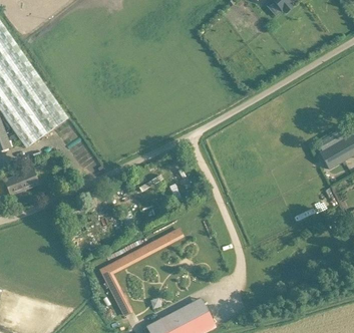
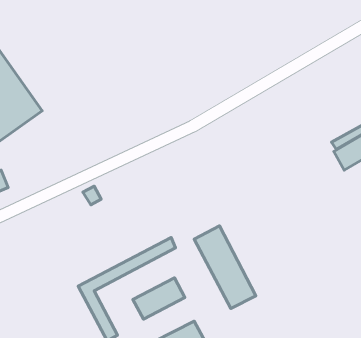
building: none -> [194,226,256,308]
building: none -> [133,278,185,319]

